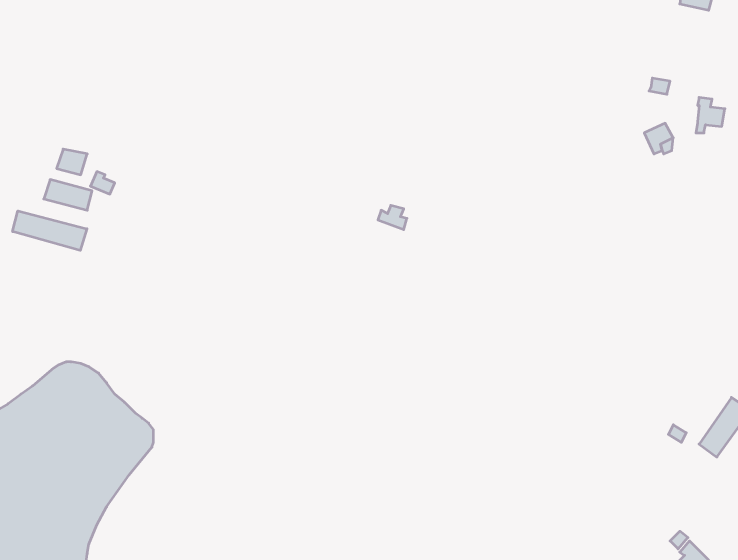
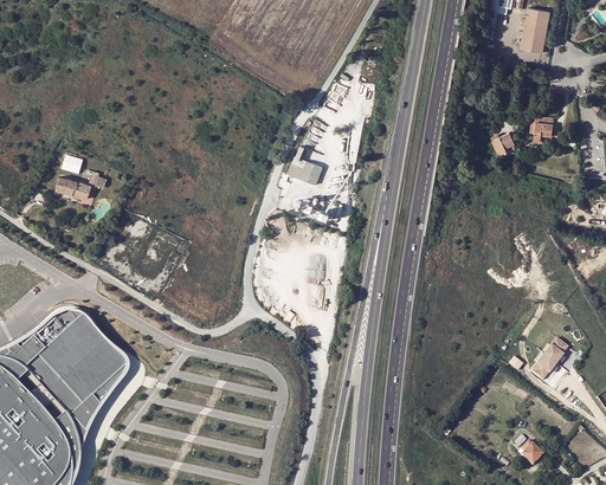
building: none -> [284,155,318,183]
building: [13,211,87,250] -> none

